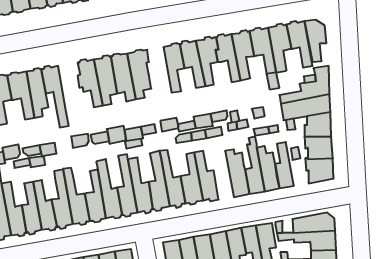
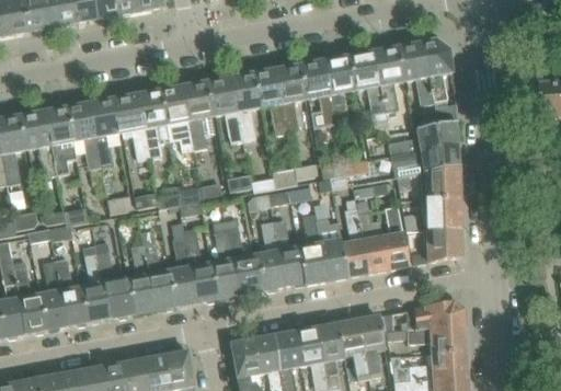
building: none -> [209,78,243,141]
building: none -> [90,97,121,165]
building: none -> [300,212,328,284]

